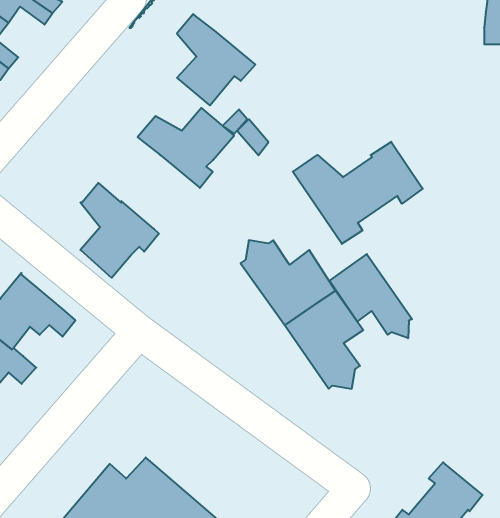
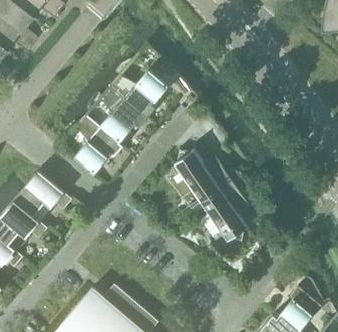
building: [177,14,255,105] -> [100,87,148,143]
building: [293,142,423,244] -> none
building: [329,254,412,338] -> none

